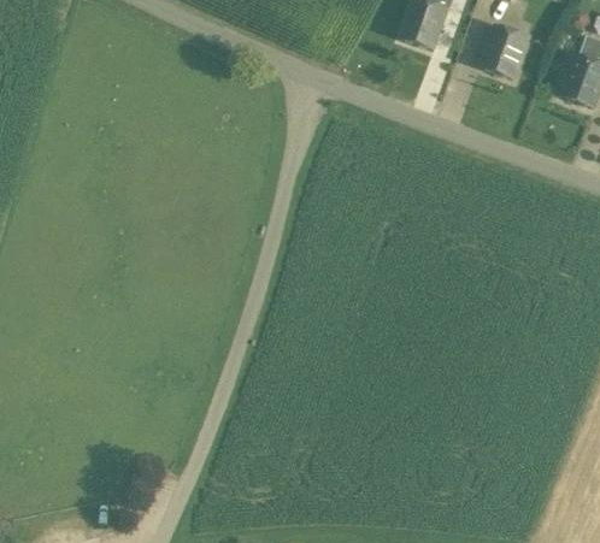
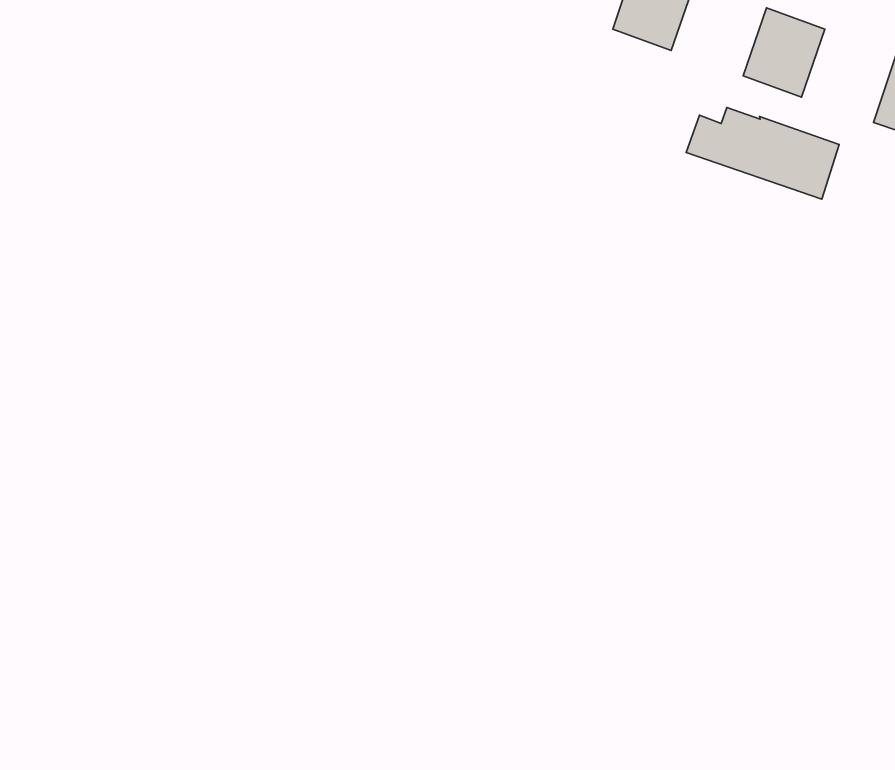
building: none -> [686,108,839,199]

